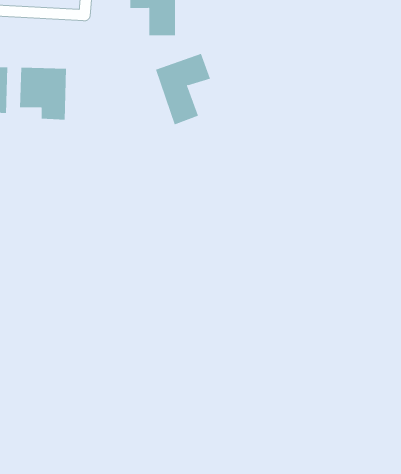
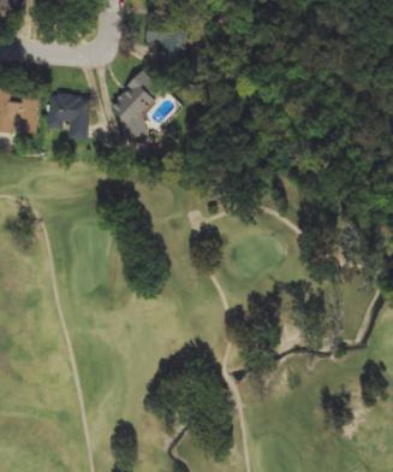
building: [155,53,211,125] -> [111,78,160,142]

